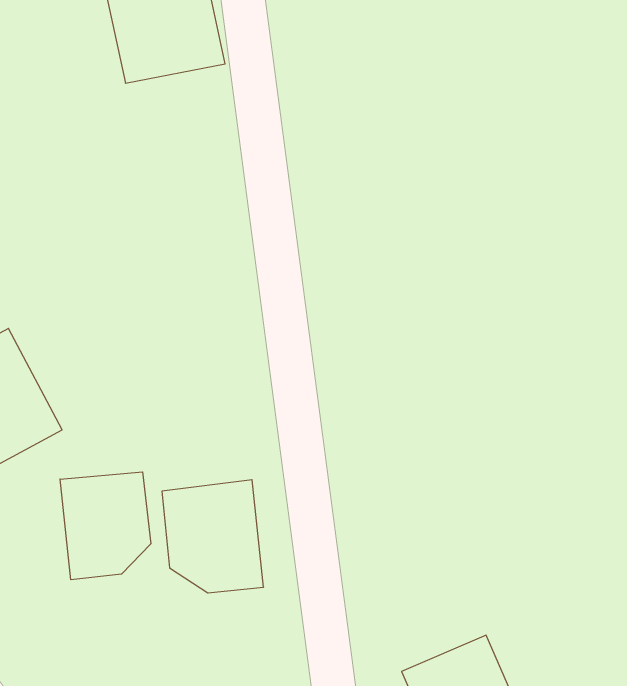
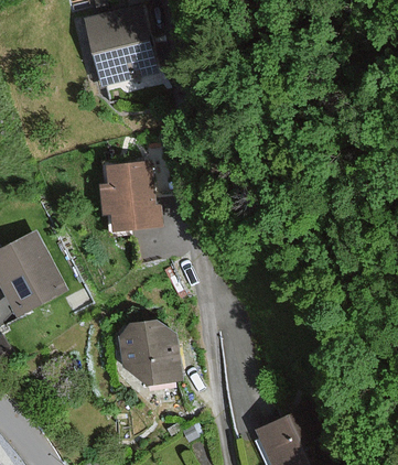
building: none -> [99,162,159,230]
building: [60,472,151,580] -> none

